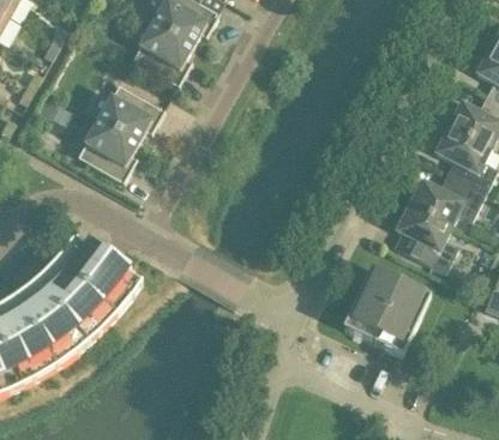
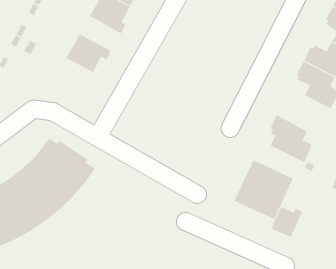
building: [77,120,138,181] -> none
building: [404,174,483,227] -> none
building: none -> [270,206,303,238]

